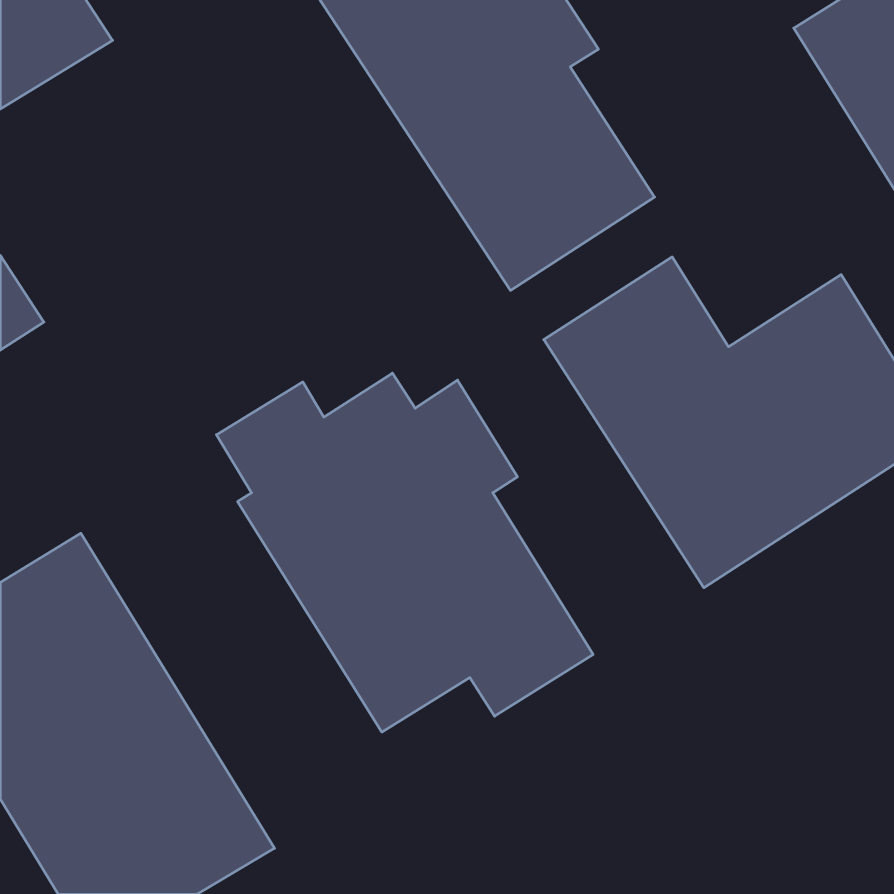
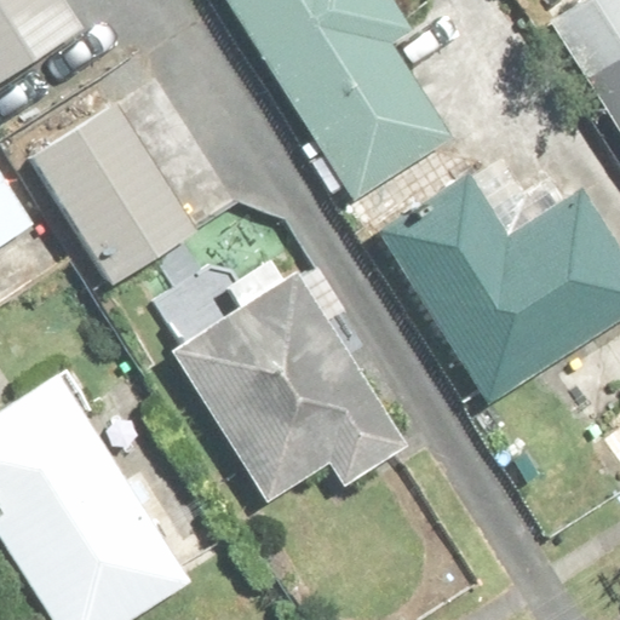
building: none -> [29,99,197,287]

